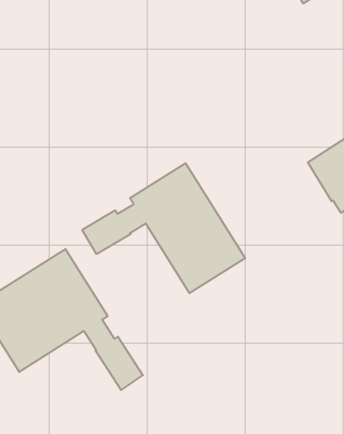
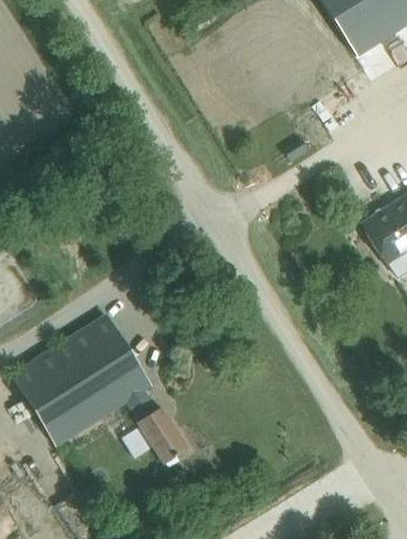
building: [82,163,245,293] -> none

